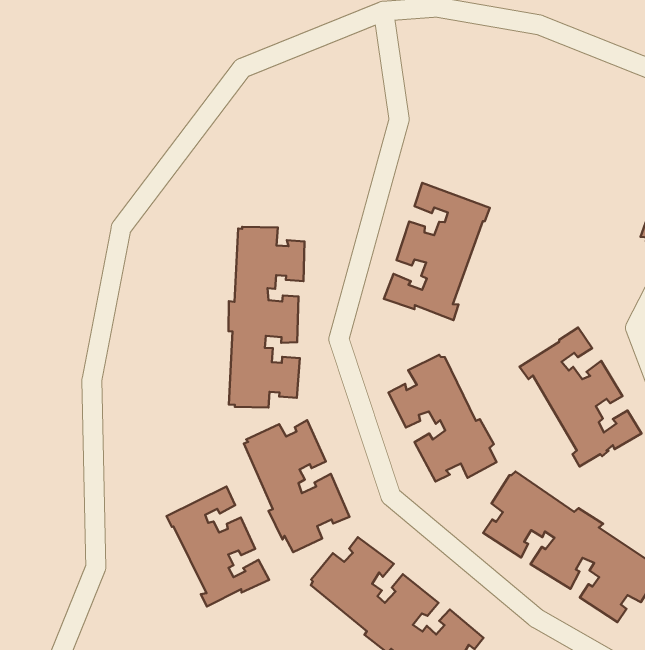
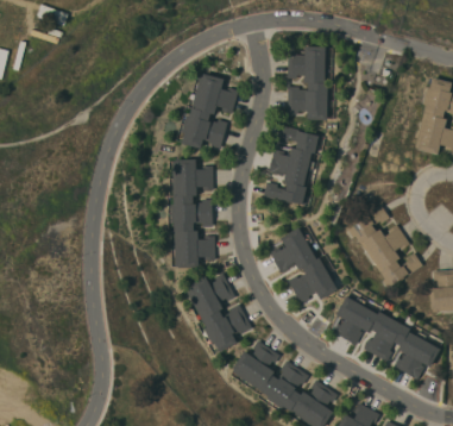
building: none -> [287,46,329,120]
building: none -> [181,73,238,149]
building: [166,486,269,607] -> none

